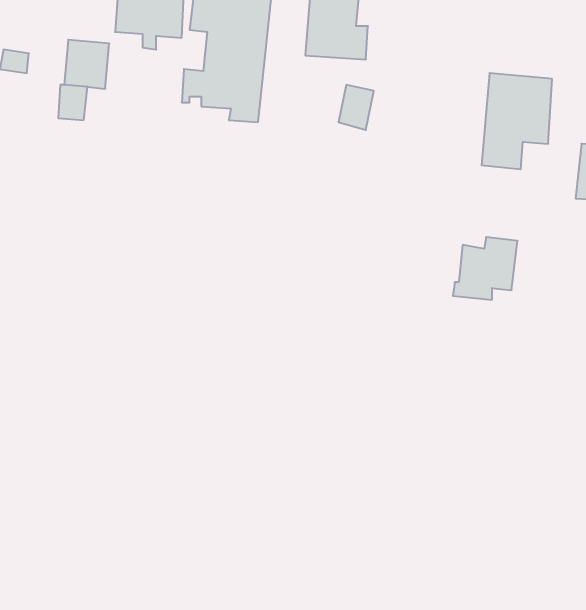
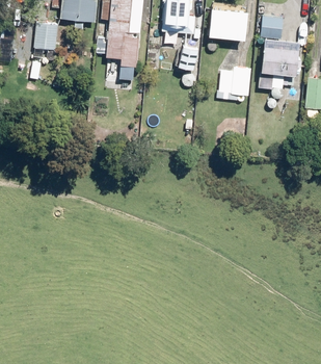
building: none -> [210,7,248,41]
building: none -> [258,18,279,40]
building: [453,237,518,300] -> [217,67,251,100]

